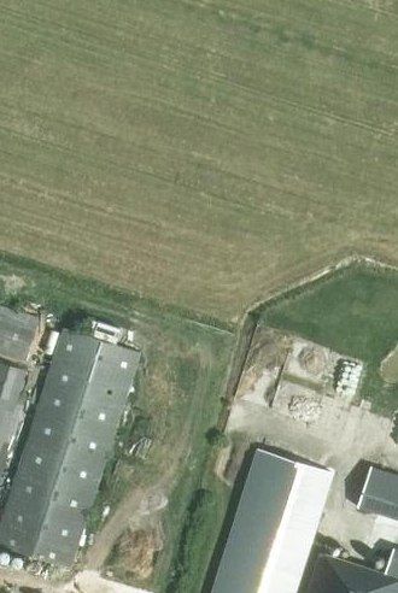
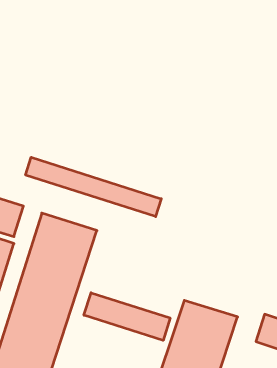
building: none -> [26,157,161,217]
building: none -> [84,293,170,340]

